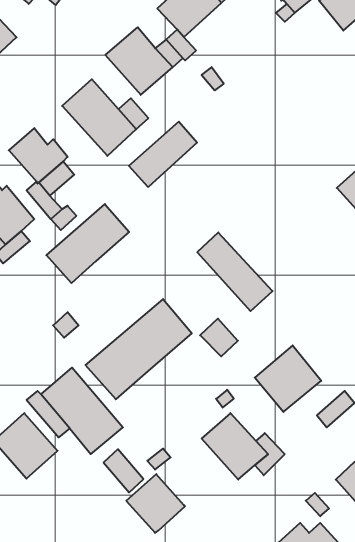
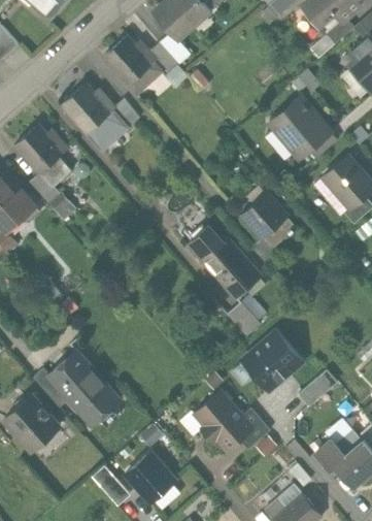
building: none -> [269,97,331,160]
building: [129,122,197,187] -> none
building: none -> [241,191,290,239]
building: [46,204,129,283] -> none
building: [86,299,192,399] -> none
building: [200,319,238,356] -> [228,298,263,333]
building: [104,449,143,492] -> [94,464,131,504]

